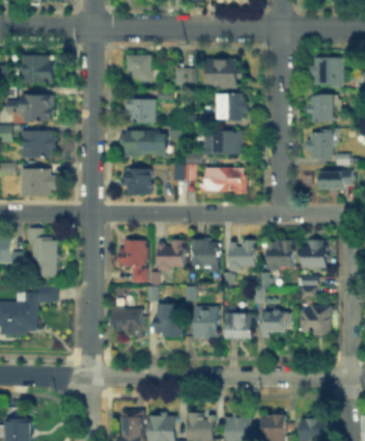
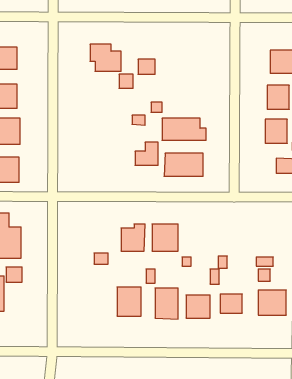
building: [208,60,237,88] -> none
building: [212,94,242,119] -> none
building: [128,100,156,123] -> none
building: [123,132,162,157] -> none
building: [127,173,151,194] -> none
building: [125,239,144,266] -> none
building: [268,240,292,266] -> none
building: [229,243,254,268] -> none
building: [303,244,326,269] -> none
building: [114,308,143,334] -> none

